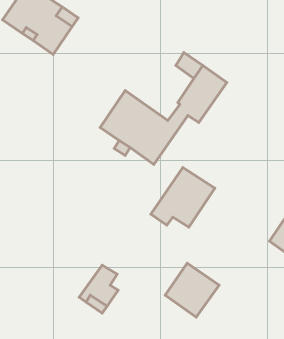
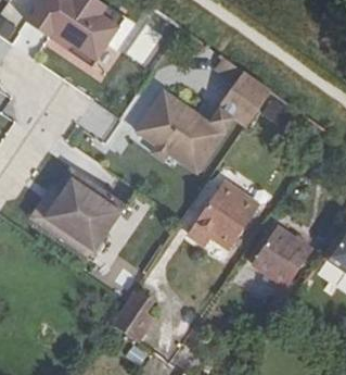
building: none -> [40,171,126,261]
building: [165,263,219,317] -> [252,225,310,284]

